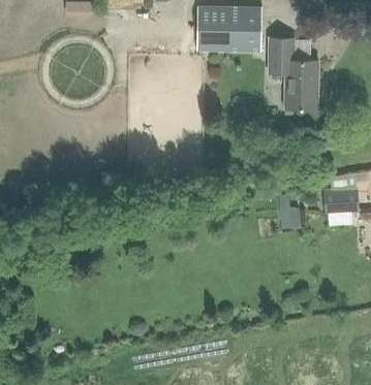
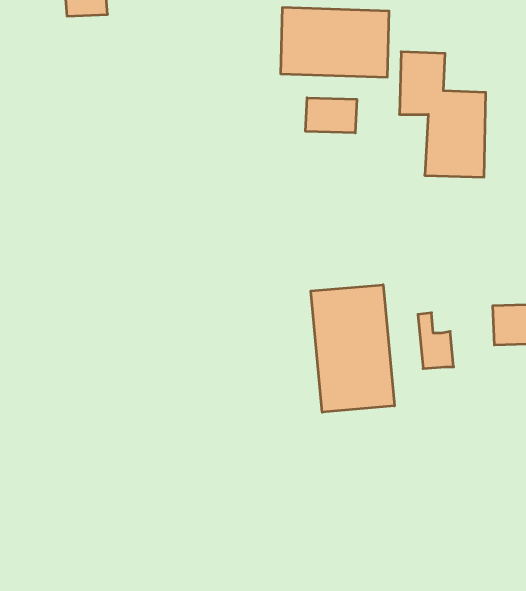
building: none -> [306,98,357,133]
building: none -> [311,285,394,412]

